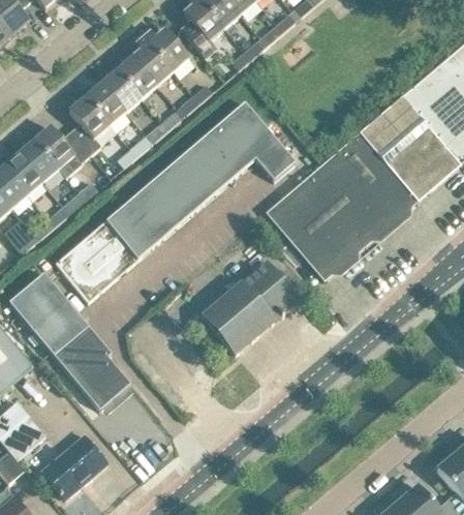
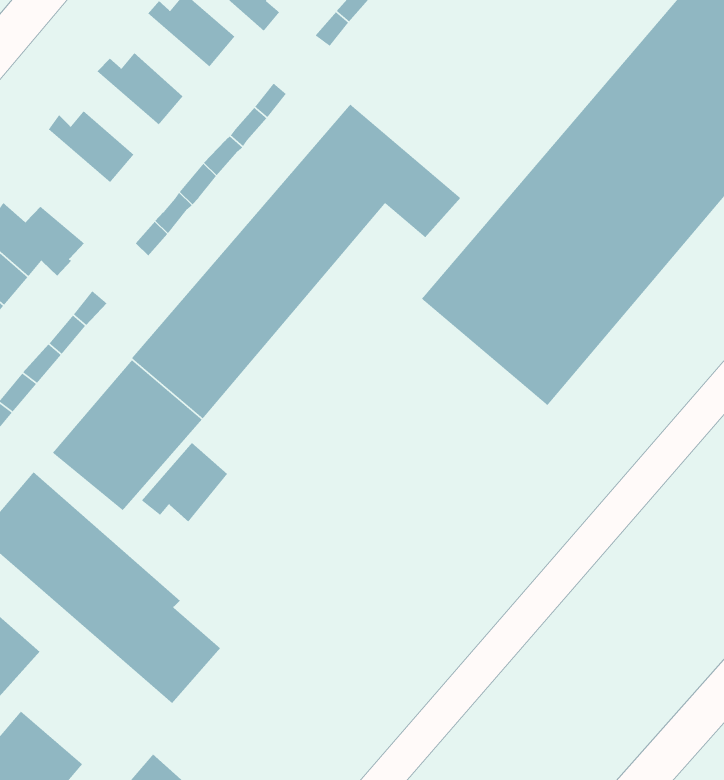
building: [133,37,173,85] -> none
building: [101,64,141,112] -> none
building: [69,91,110,155] -> none
building: [202,260,301,355] -> none
building: none -> [141,442,228,522]

